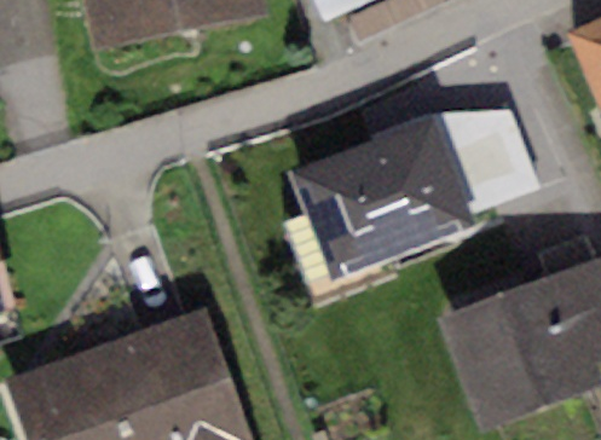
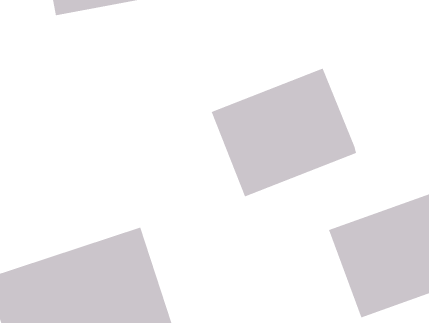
building: [434,109,543,212] -> none

